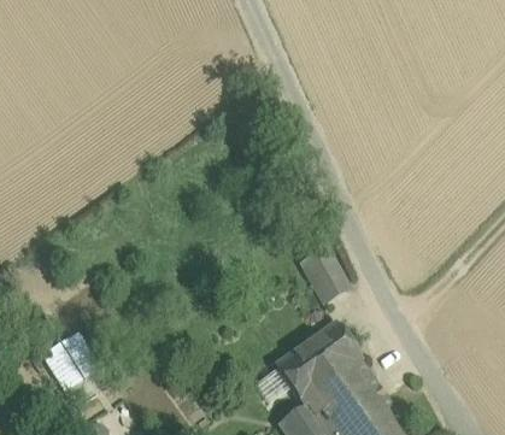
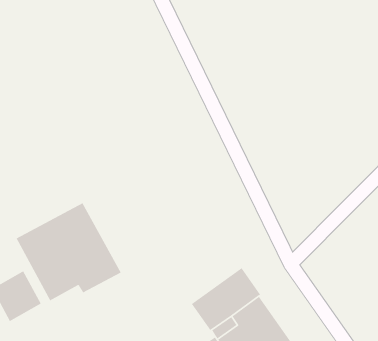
building: none -> [15,202,122,301]
building: [299,253,352,304] -> none

